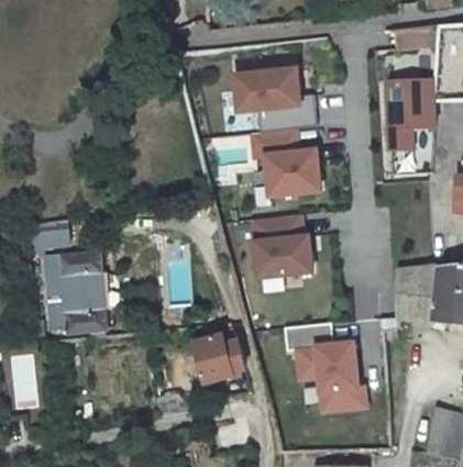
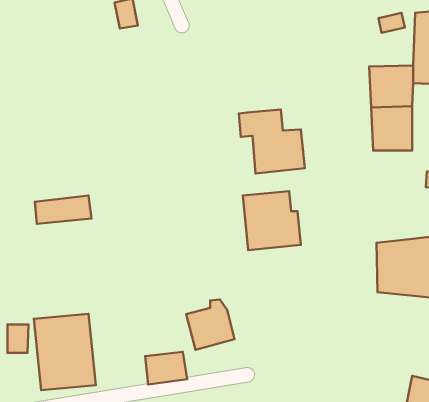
building: [234,66,318,131] -> none
building: [42,252,107,332] -> [34,314,96,390]
building: [282,322,363,409] -> none

